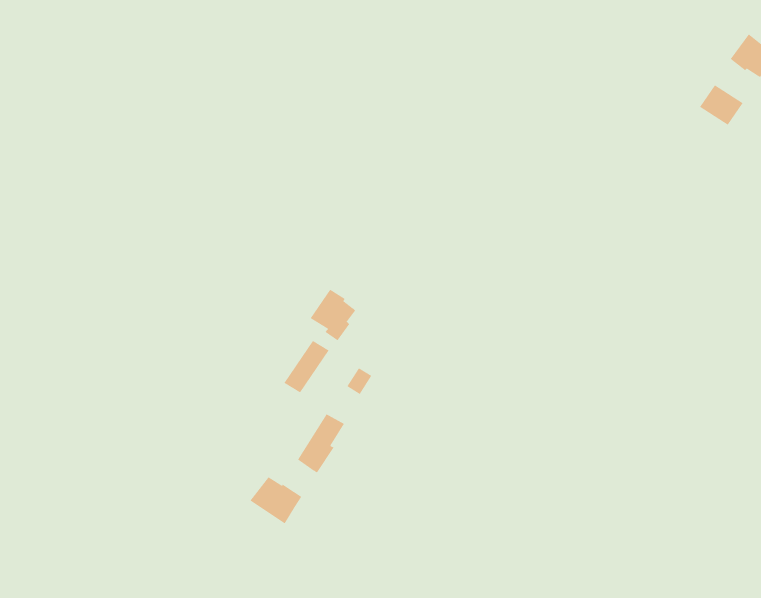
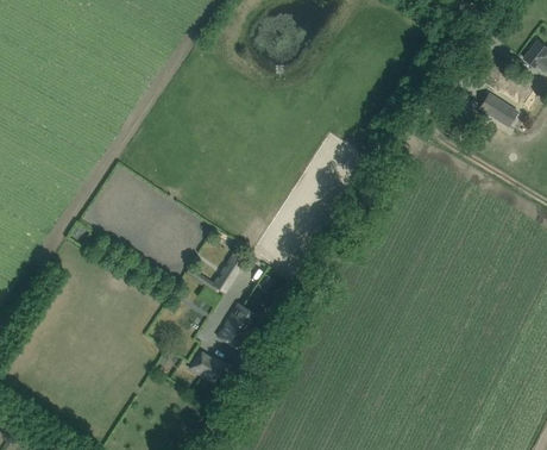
building: none -> [479,93,517,126]
building: [310,289,356,341] -> none

